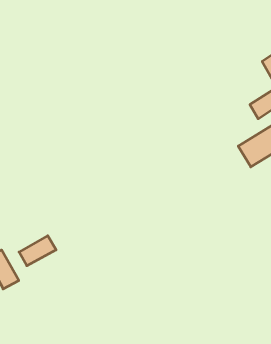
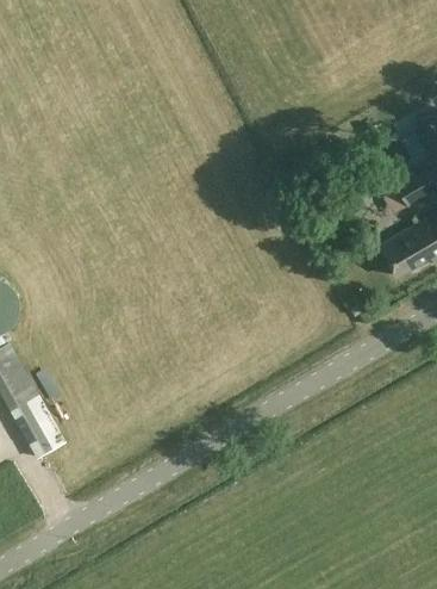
building: [19,236,56,266] -> none

